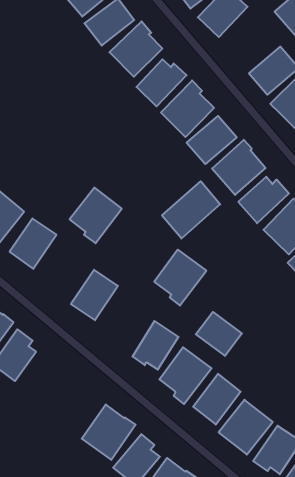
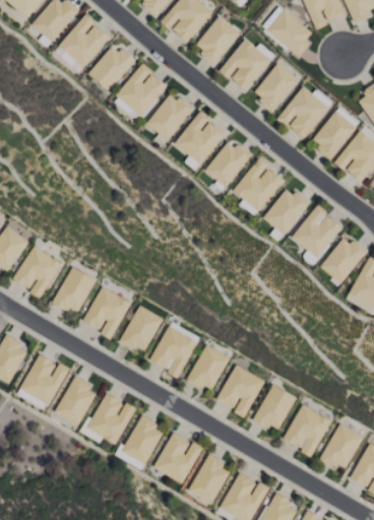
building: none -> [219,39,271,90]
building: [162,181,220,239] -> none
building: [70,188,122,243] -> [83,286,131,339]
building: [154,250,206,306] -> [150,326,198,379]
building: [196,312,242,356] -> none
building: none -> [87,393,135,444]
building: none -> [123,414,162,463]

